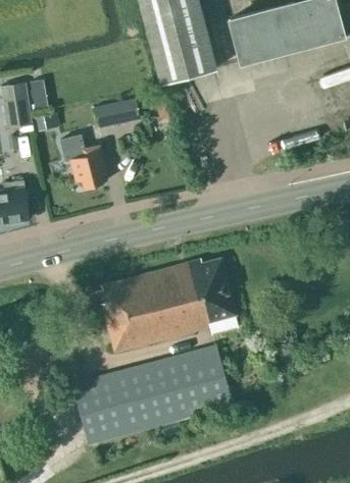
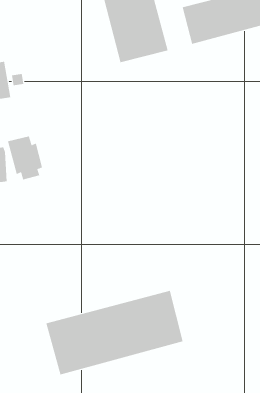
building: [96,99,140,128] -> none
building: [66,138,107,189] -> [7,136,43,180]
building: [102,260,236,353] -> none

